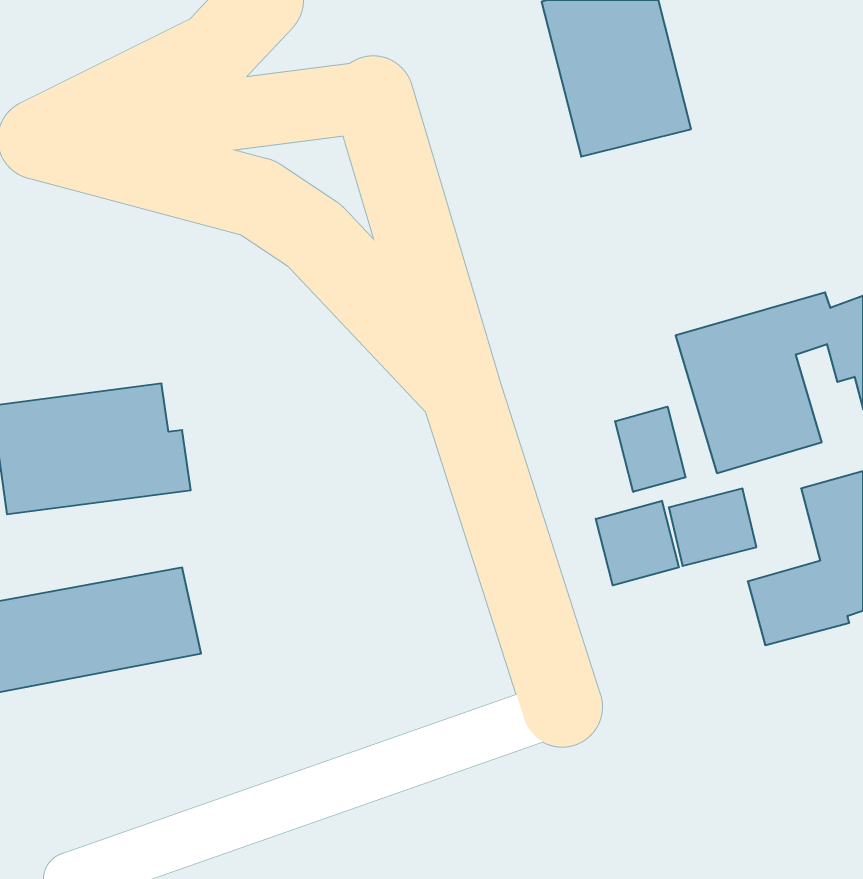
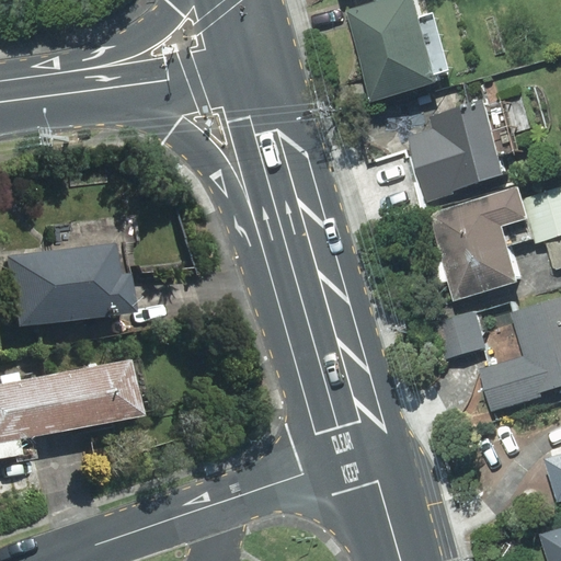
building: none -> [409,100,514,199]
building: [615,407,686,492] -> none
building: [596,501,679,585] -> none

